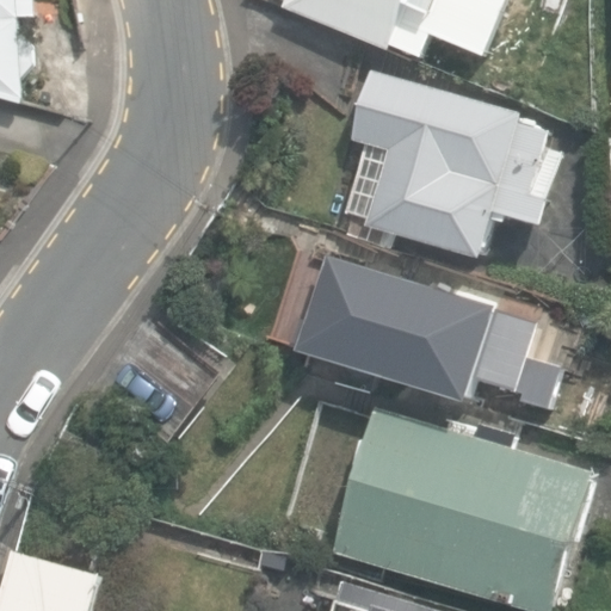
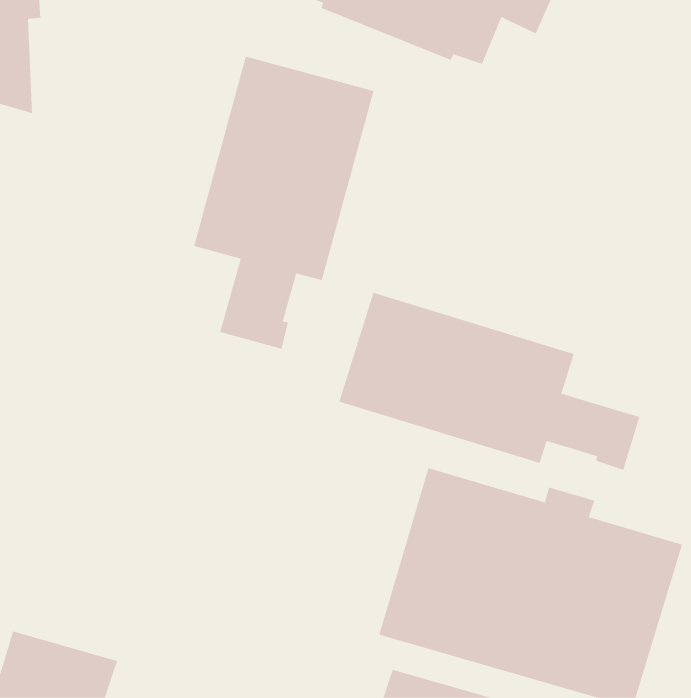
building: none -> [194,56,374,350]
building: [341,70,549,260] -> none

